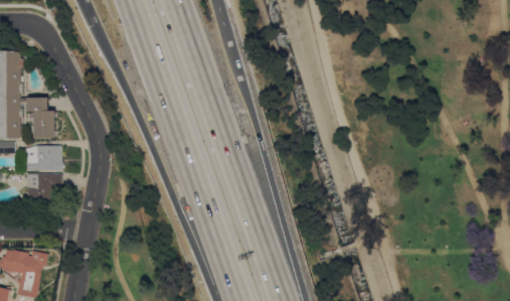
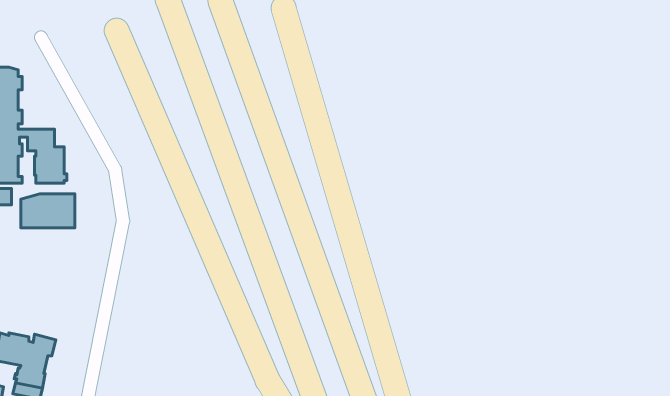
building: [26,173,62,207] -> none

